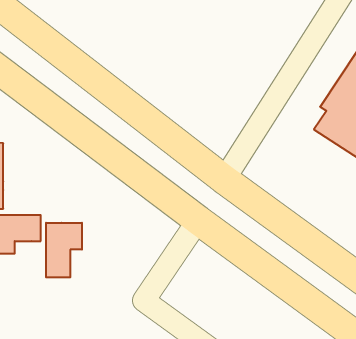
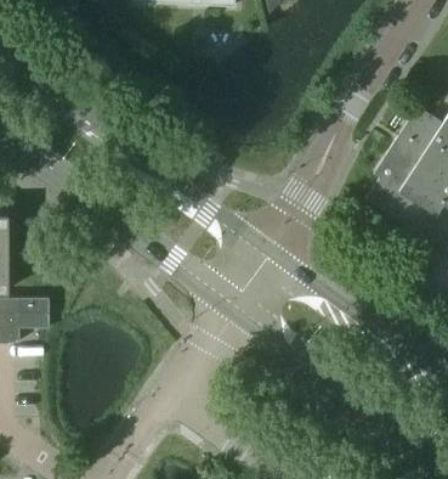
building: [46,223,82,277] -> none

